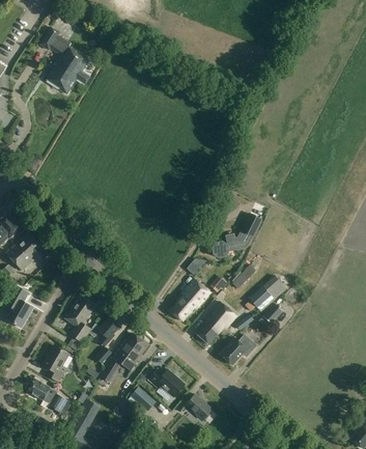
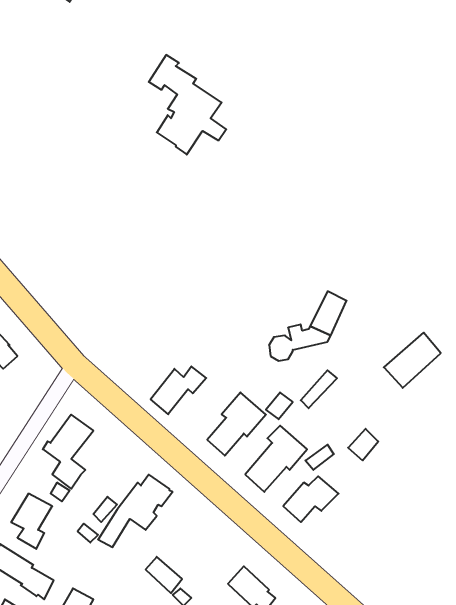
building: [40,28,91,93] -> [149,55,226,155]
building: none -> [151,366,206,414]
building: [249,276,286,312] -> [384,333,441,388]
building: [88,316,119,346] -> none
building: [147,368,185,397] -> none

